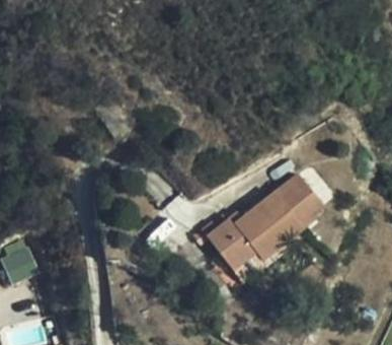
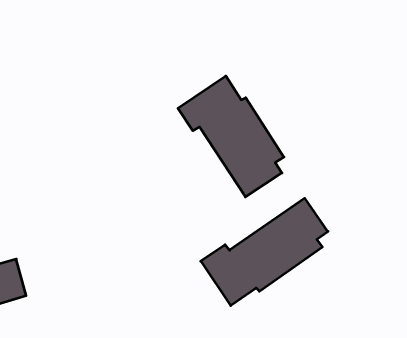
building: none -> [178,76,284,197]

